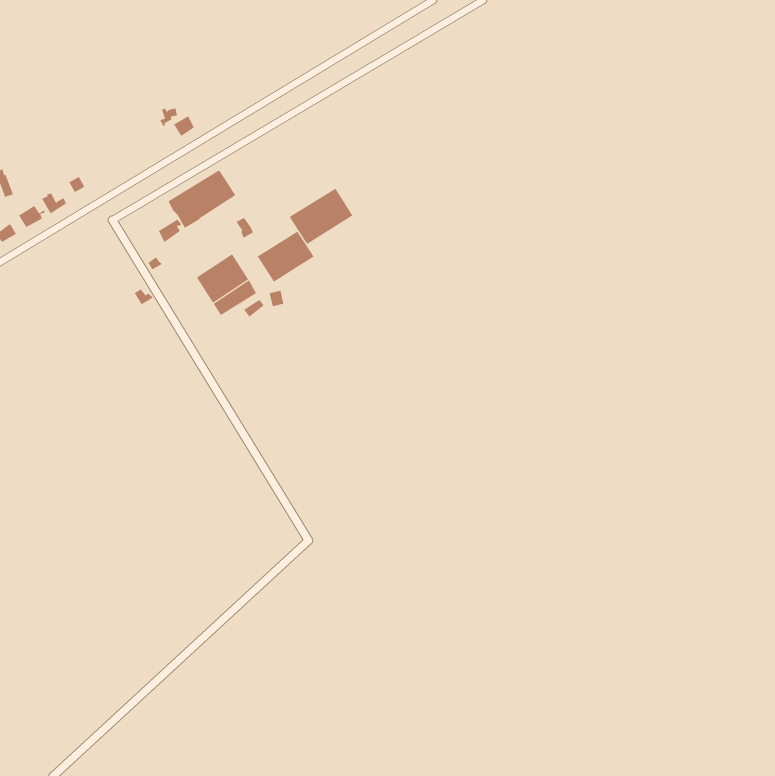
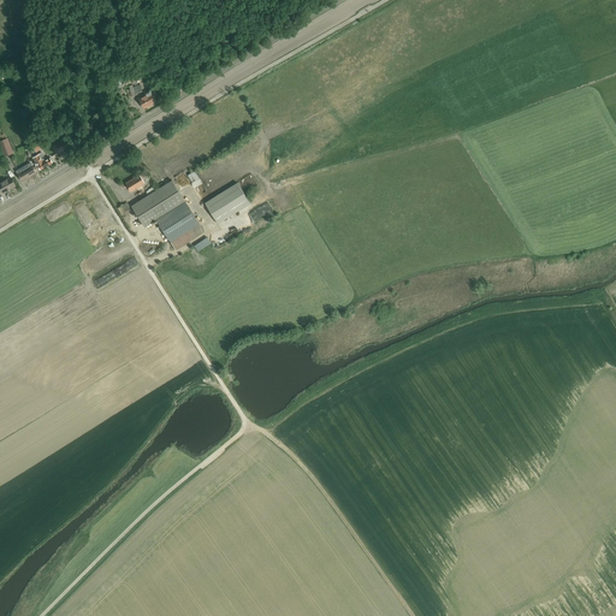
building: [168,169,236,229] -> [130,180,184,227]
building: [289,188,353,244] -> none

